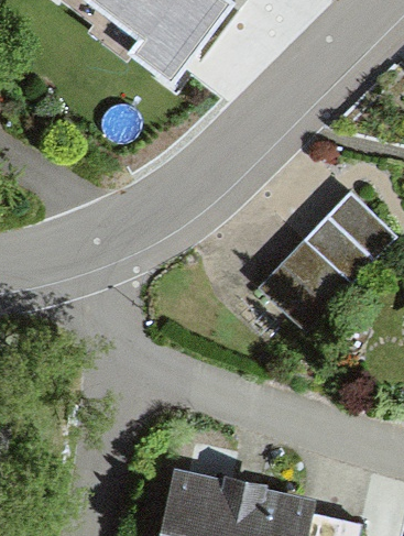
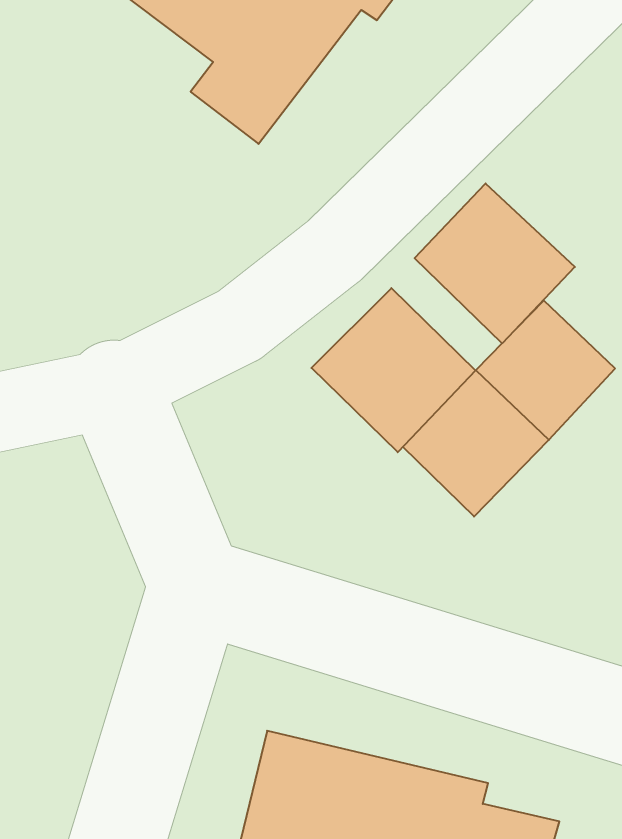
building: none -> [415,183,575,343]
building: none -> [311,288,476,452]

